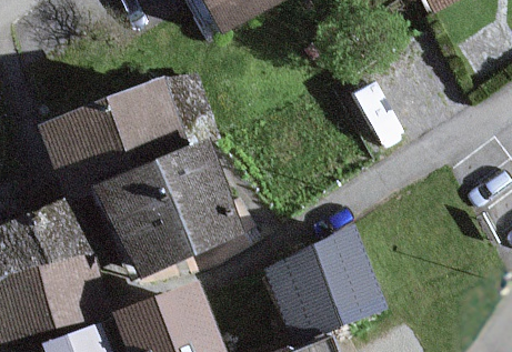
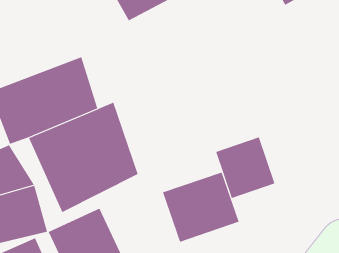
building: none -> [215,137,275,199]

